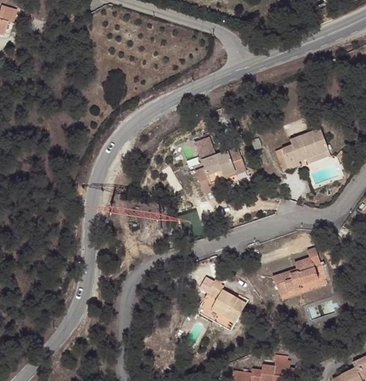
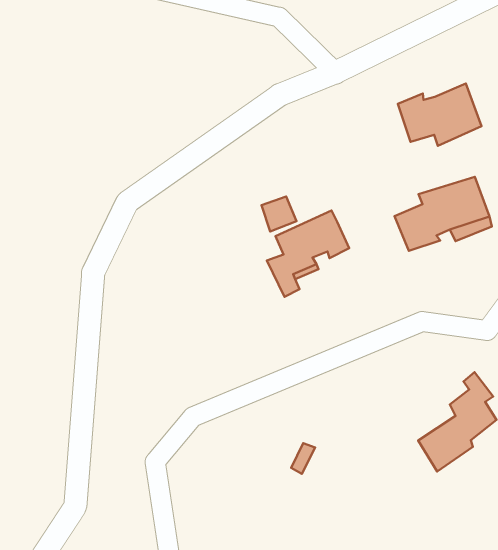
building: none -> [398,84,482,146]
building: [206,291,239,320] -> none

